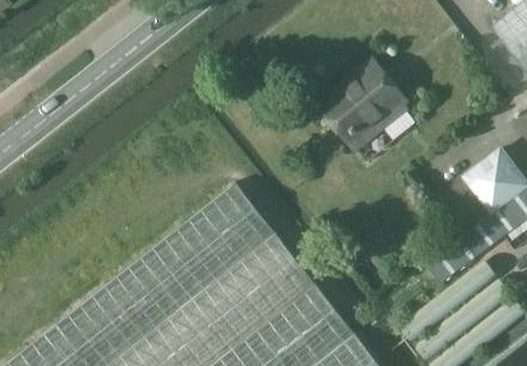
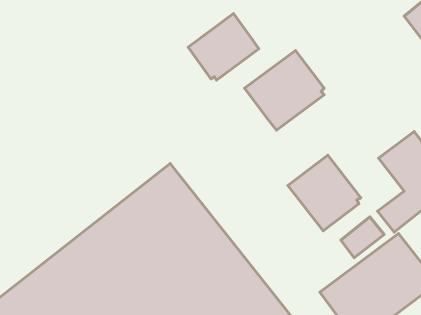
building: none -> [188,13,259,80]
building: none -> [288,155,361,231]

